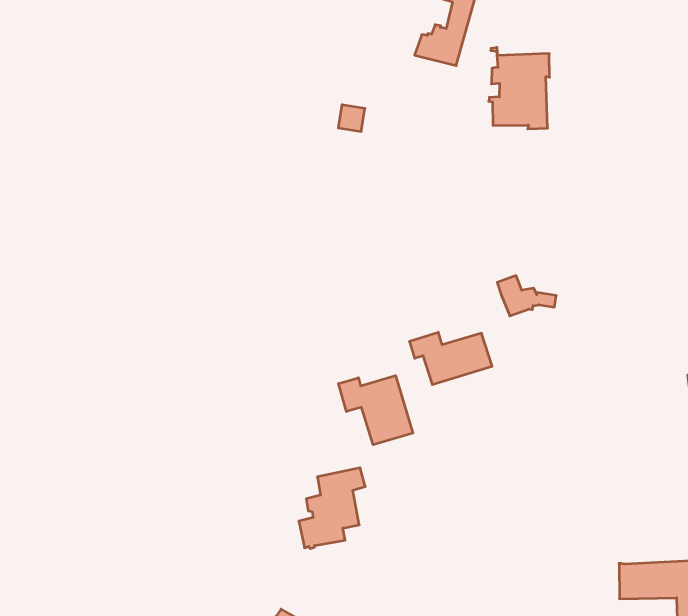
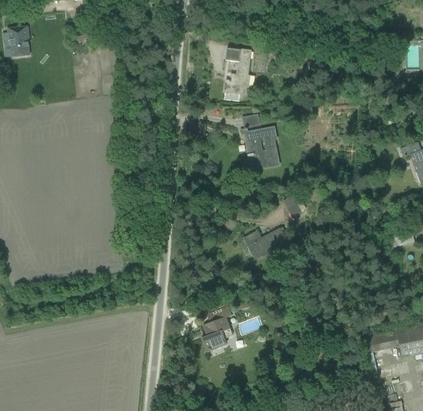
building: [489,47,550,129] -> [244,127,279,168]
building: [338,376,413,445] -> none

